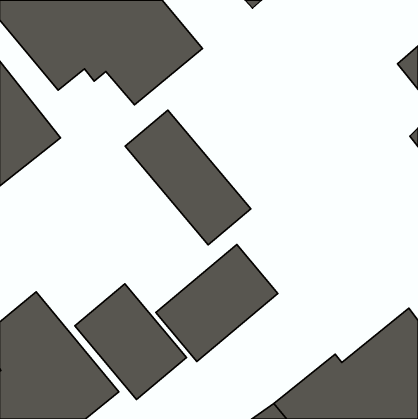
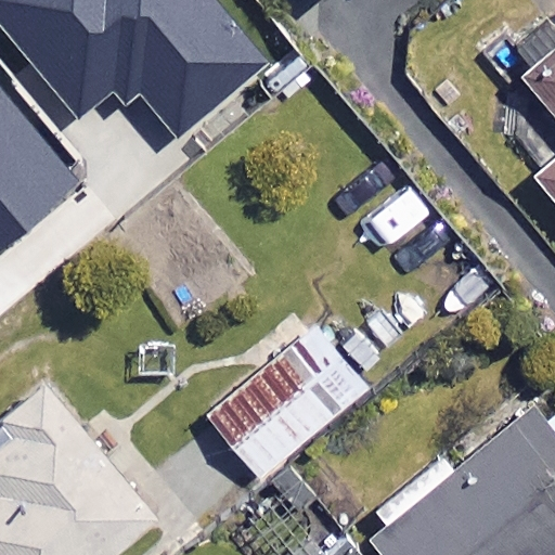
building: [125,110,251,245] -> none
building: [75,284,187,400] -> none

